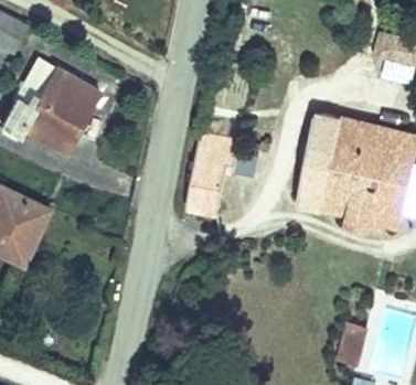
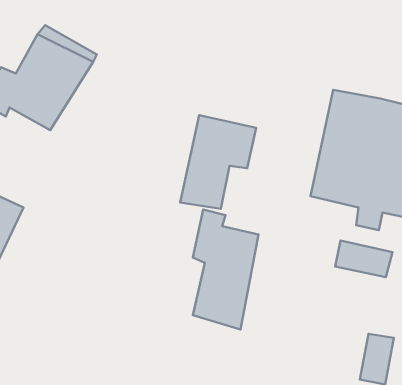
building: none -> [193,210,258,330]
building: none -> [335,241,392,277]

